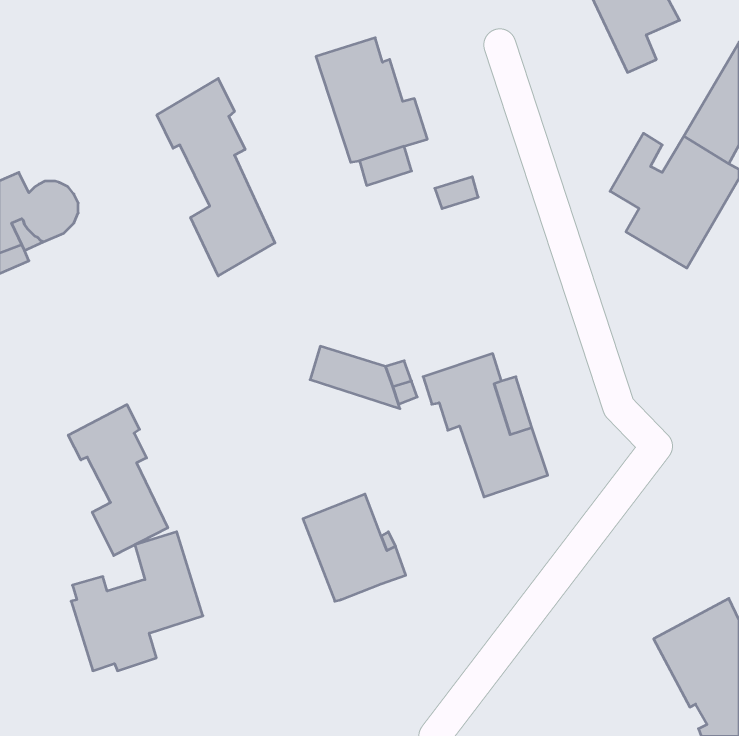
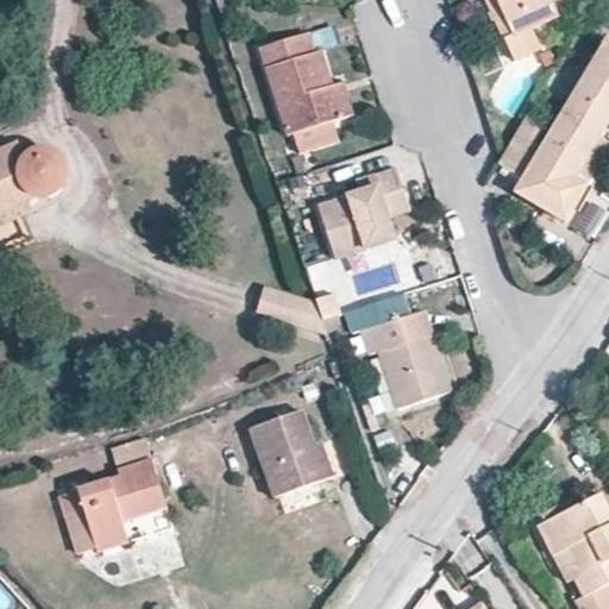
building: [157,78,275,276] -> none
building: none -> [319,165,409,271]
building: [68,405,168,556] -> none

